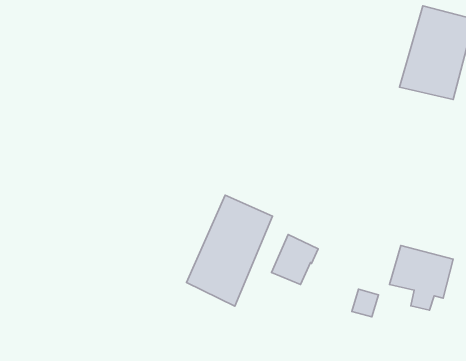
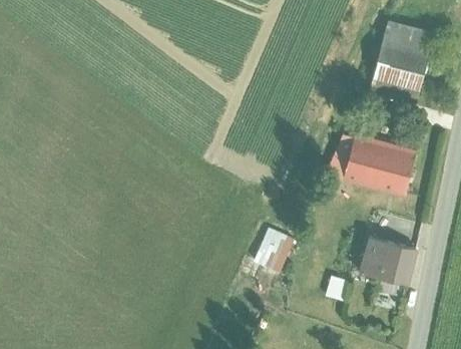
building: none -> [325,133,416,194]
building: [187,195,273,306] -> none

